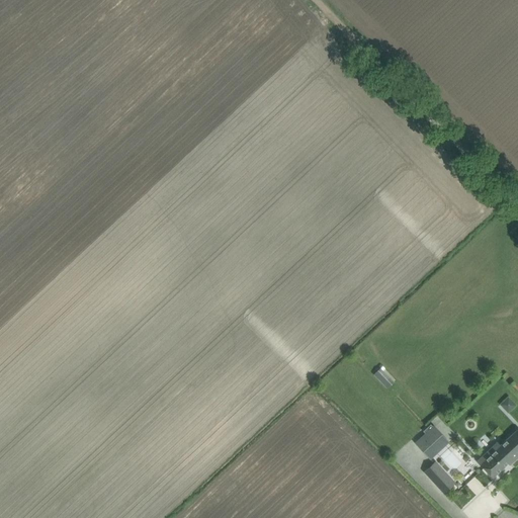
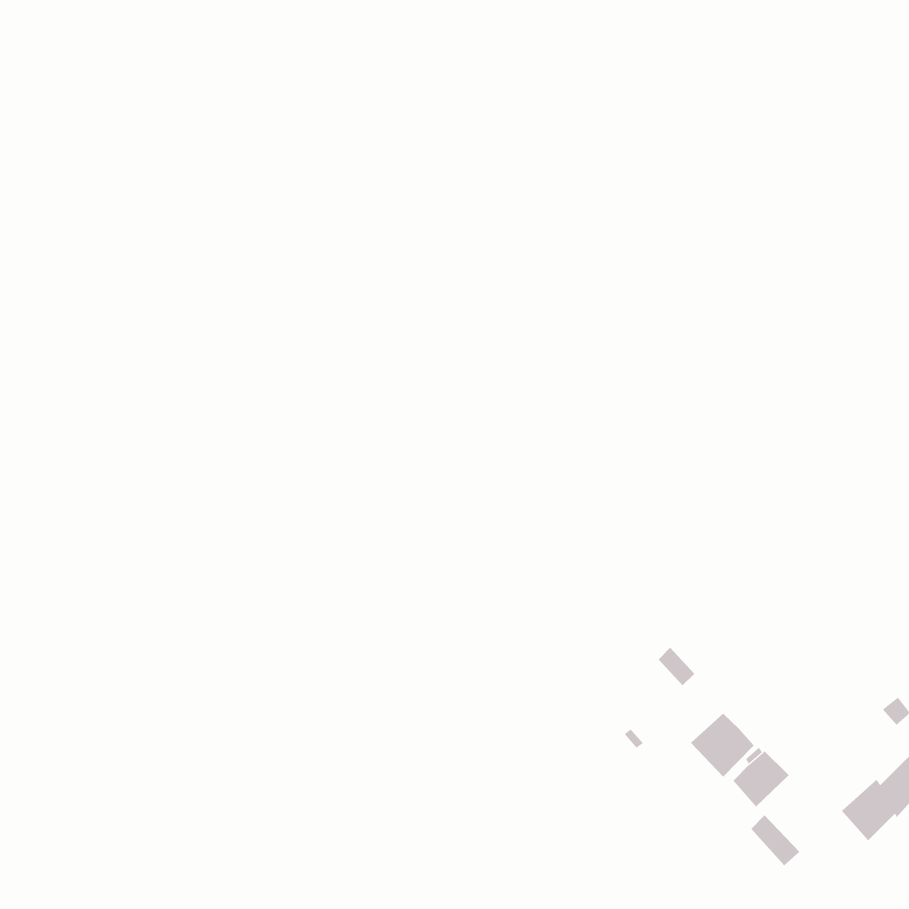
building: none -> [690,713,754,778]

